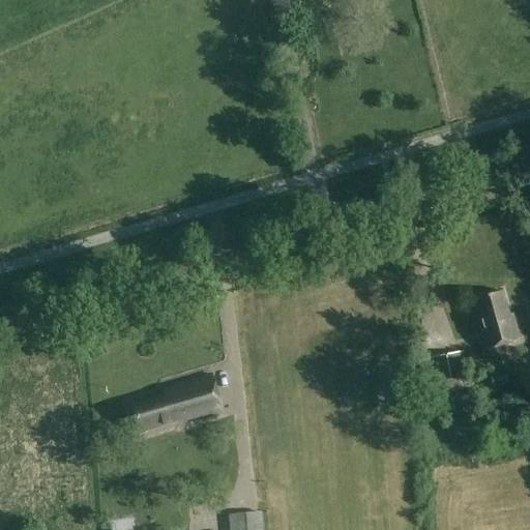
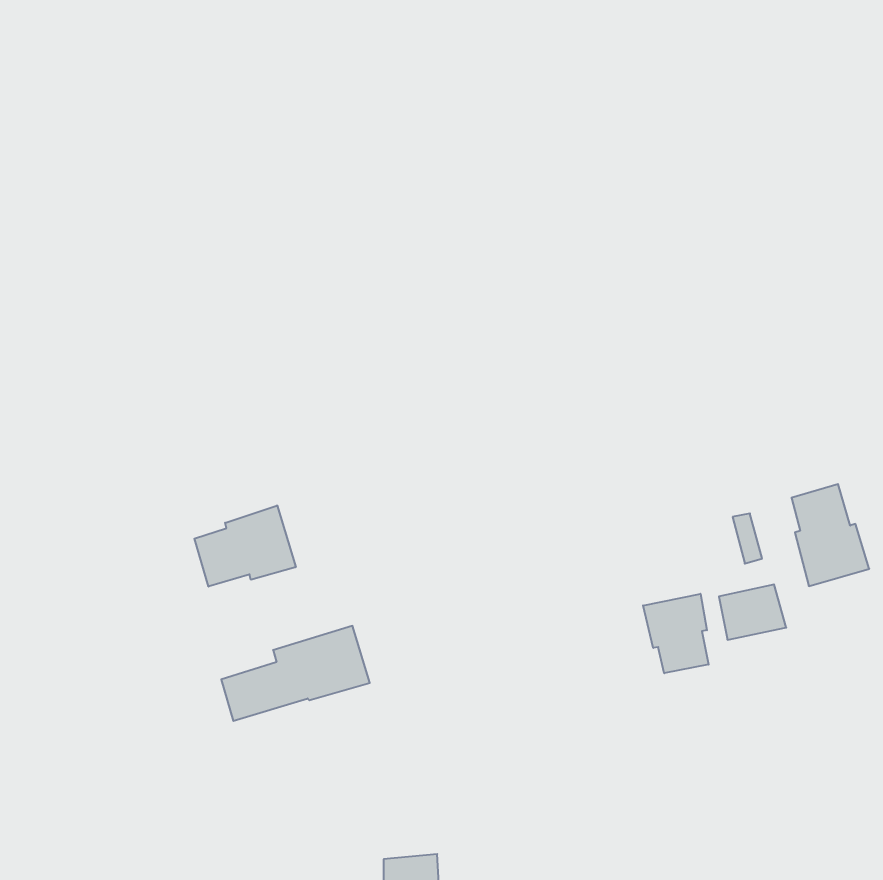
building: none -> [194,505,296,587]
building: none -> [643,594,709,673]

